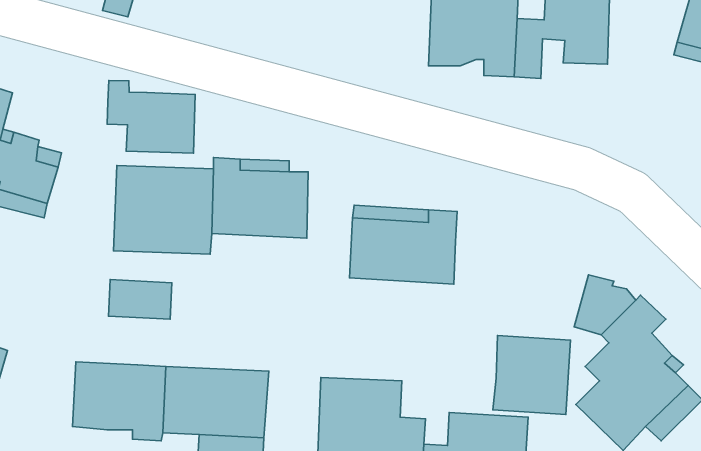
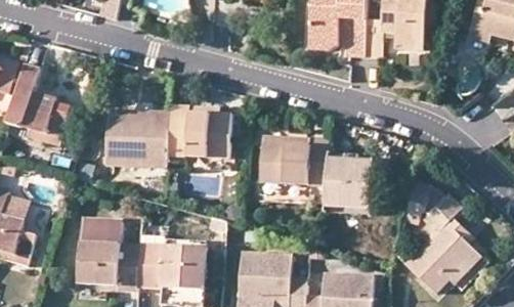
building: [107,80,195,153] -> none
building: [109,280,172,319] -> [81,215,122,240]
building: [493,335,570,415] -> [324,161,374,212]

